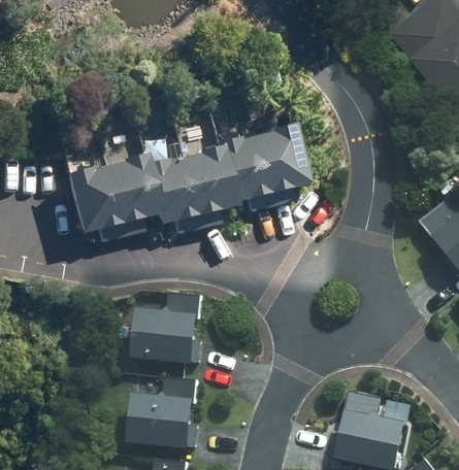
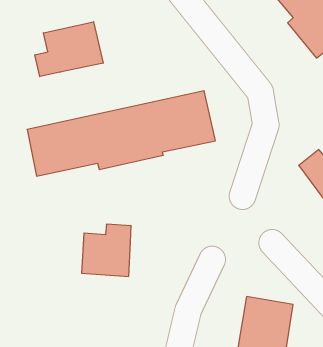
building: none -> [35,22,103,77]
building: [133,378,195,448] -> none

